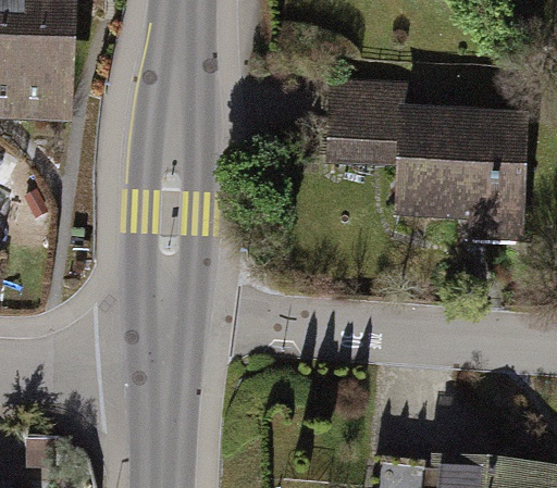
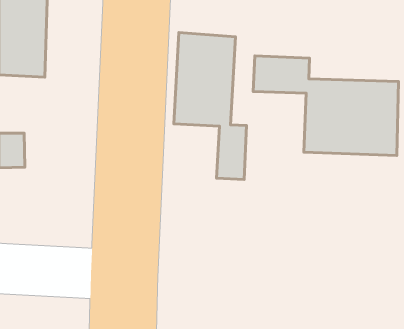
building: none -> [174,32,246,179]

